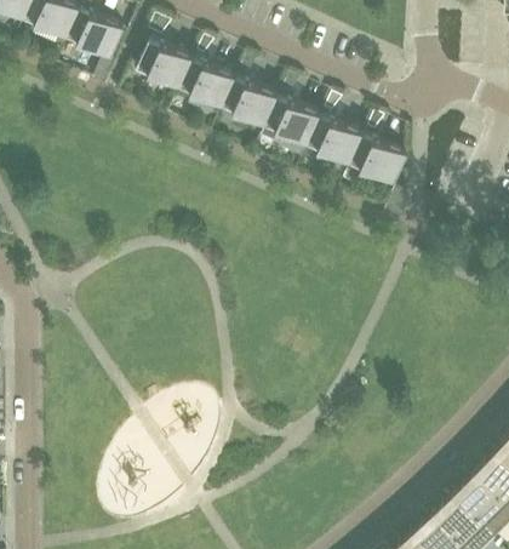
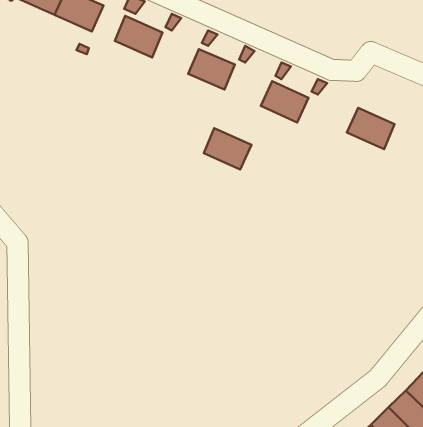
building: [179,57,234,105] -> none
building: [264,95,320,143] -> [204,128,252,170]
building: [349,133,405,182] -> [347,108,395,149]

